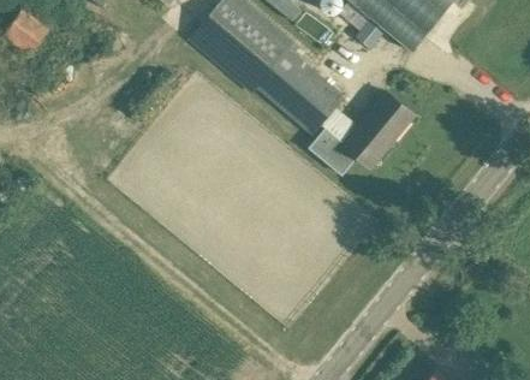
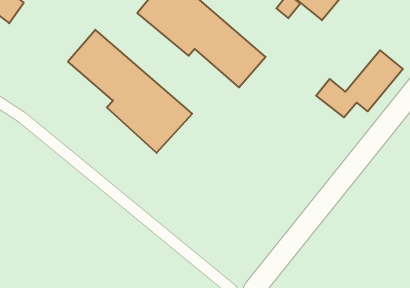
building: none -> [68,30,192,153]
building: [309,93,415,174] -> [316,50,403,117]

